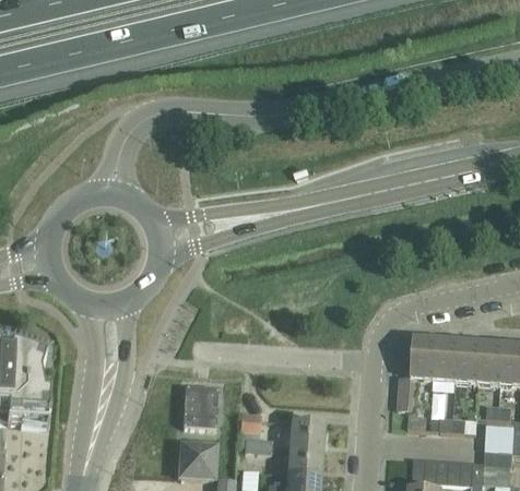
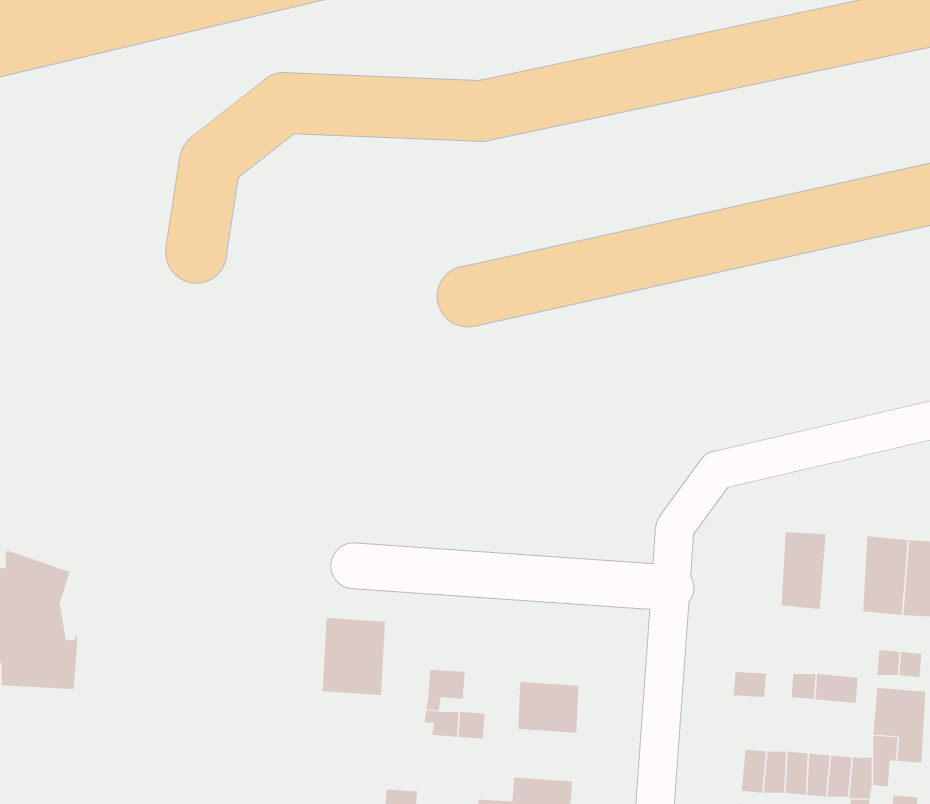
building: [398,336,436,409] -> none
building: [456,339,481,382] -> none
building: [179,443,215,478] -> none
building: [287,446,322,475] -> none

